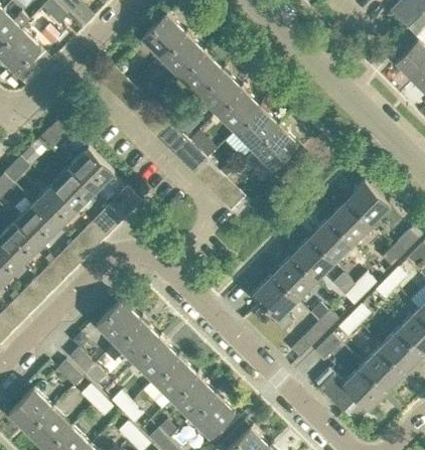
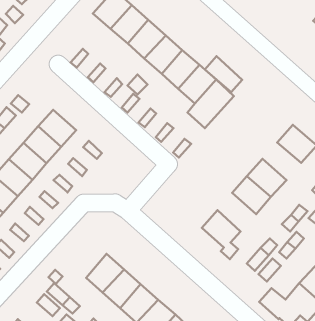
building: none -> [205,56,242,92]
building: [326,201,371,246] -> none
building: [271,257,315,302] -> none
building: [96,300,140,345] -> none

